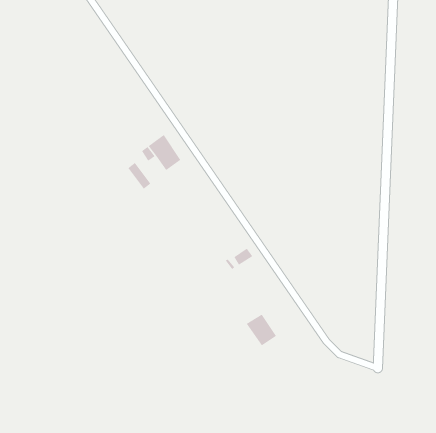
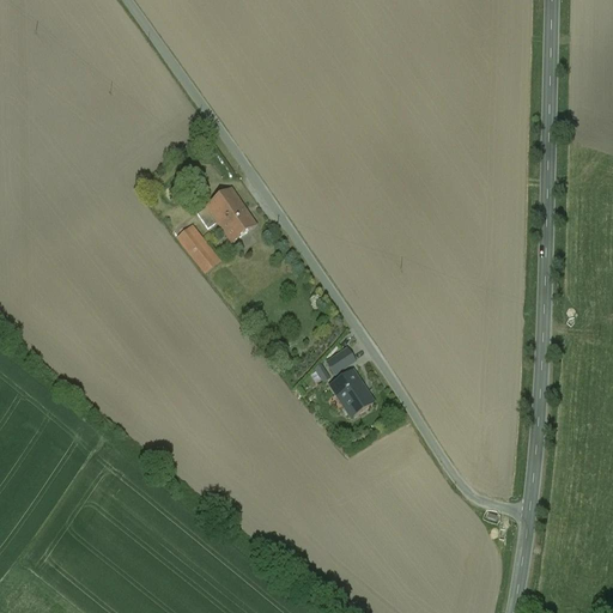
building: [246,314,277,346] -> [330,370,374,415]

